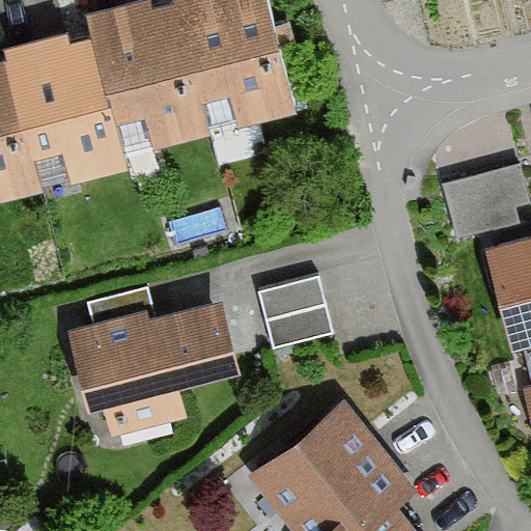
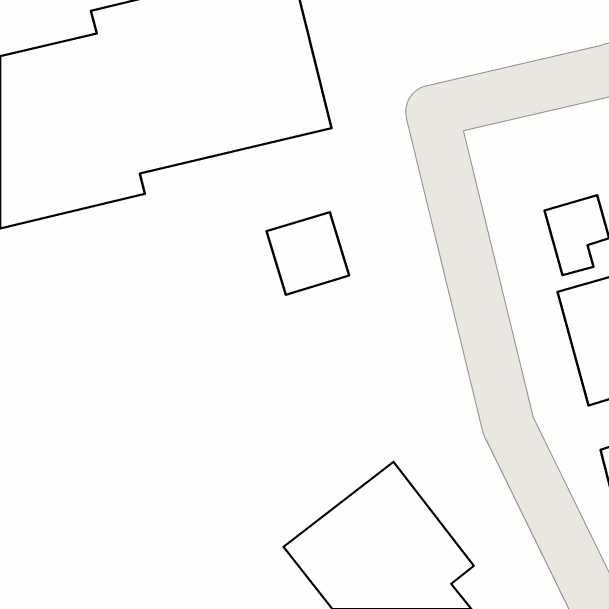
building: [262,283,334,355] -> [267,212,349,295]
building: [66,302,236,438] -> none

